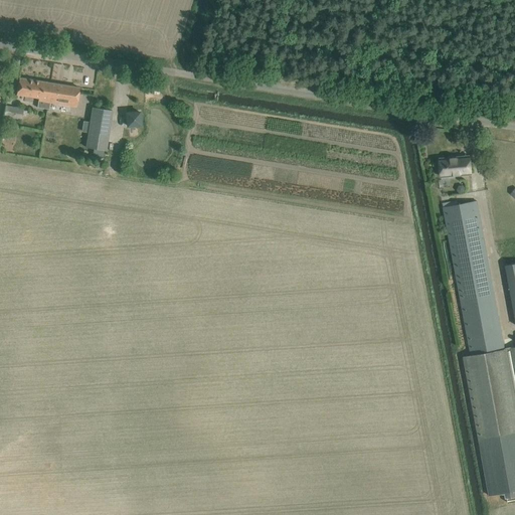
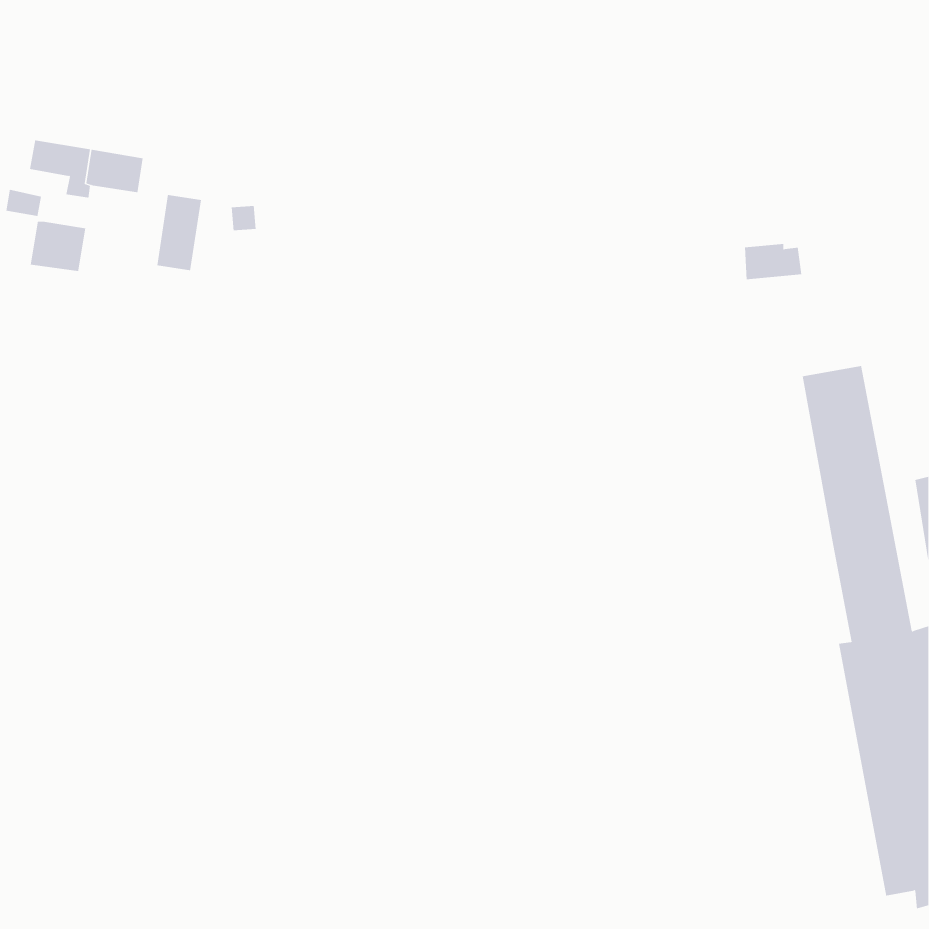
building: none -> [30,221,86,272]
building: [440,157,472,177] -> [744,243,802,280]

